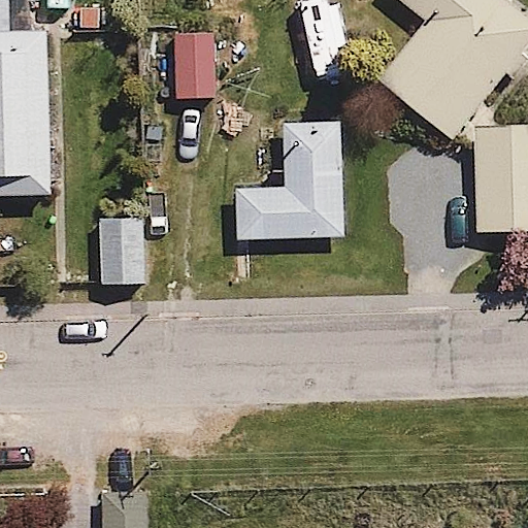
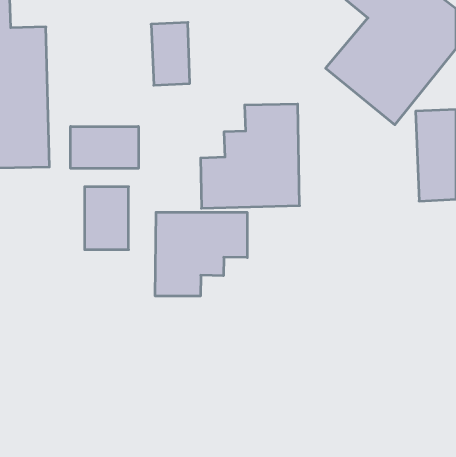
building: none -> [71,126,138,168]
building: none -> [155,212,247,296]

